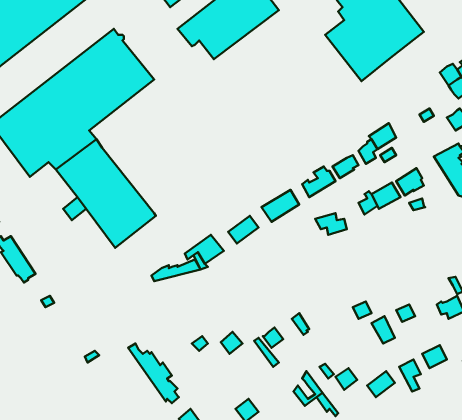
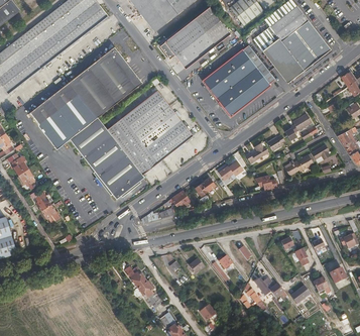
building: none -> [202,44,274,116]
building: none -> [106,90,193,175]

